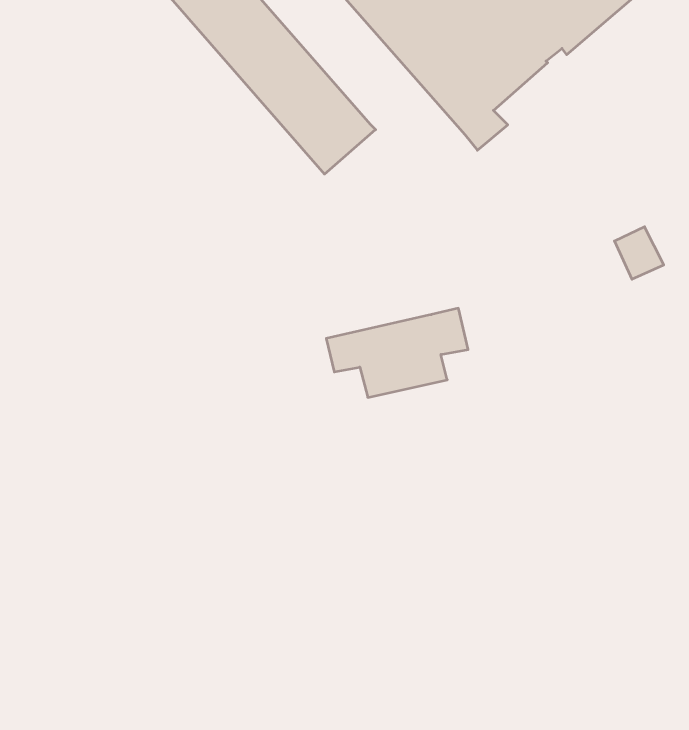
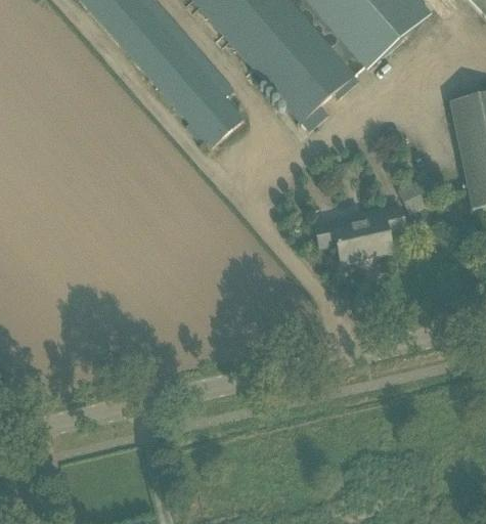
building: [326,308,468,397] -> [315,205,406,262]

